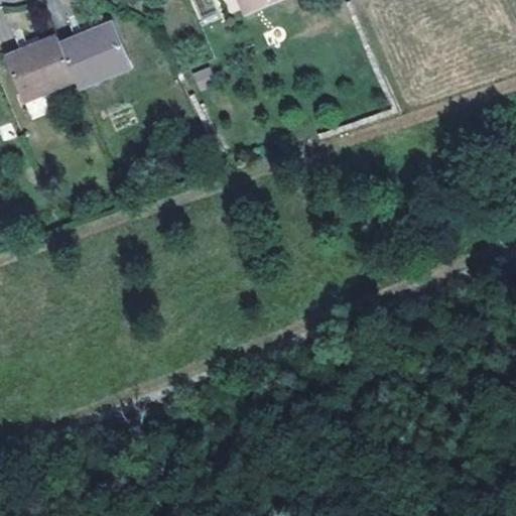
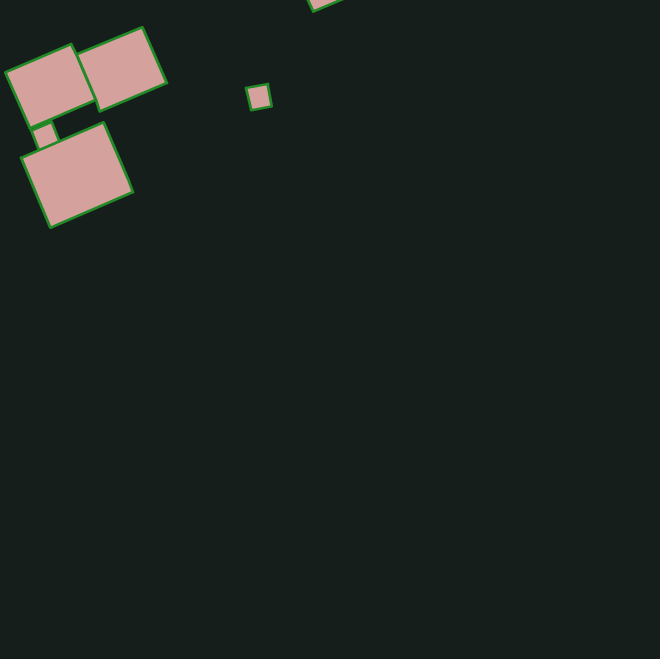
building: none -> [21,122,133,228]

